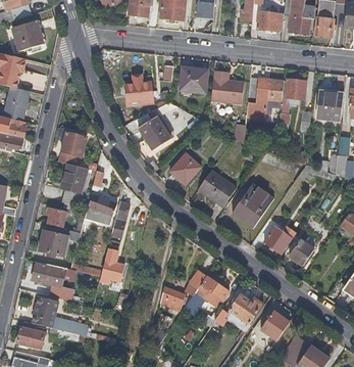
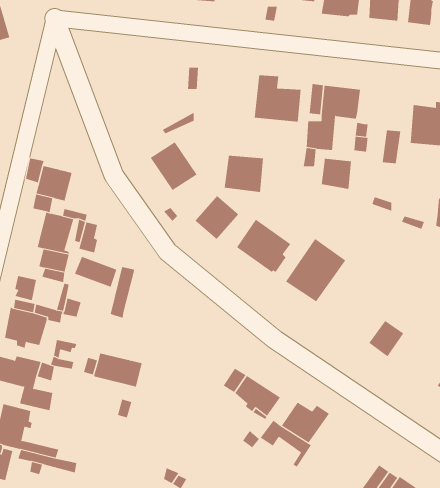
building: [180,66,207,92] -> [224,155,264,192]
building: [285,78,306,99] -> [321,158,352,189]
building: [124,81,155,104] -> none
building: [264,225,295,251] -> none
building: [159,287,187,310] -> none
building: [260,311,289,339] -> none

